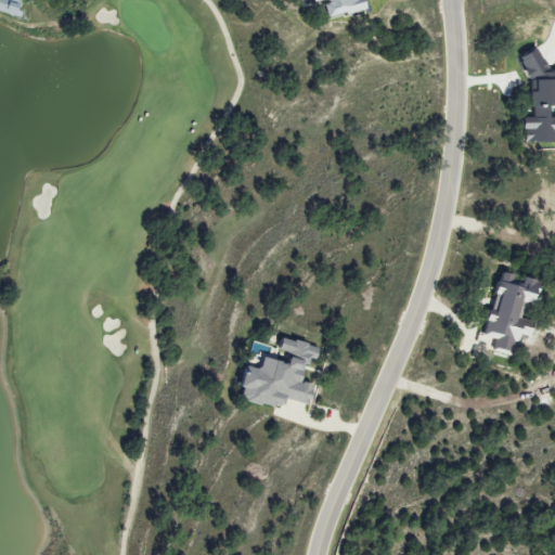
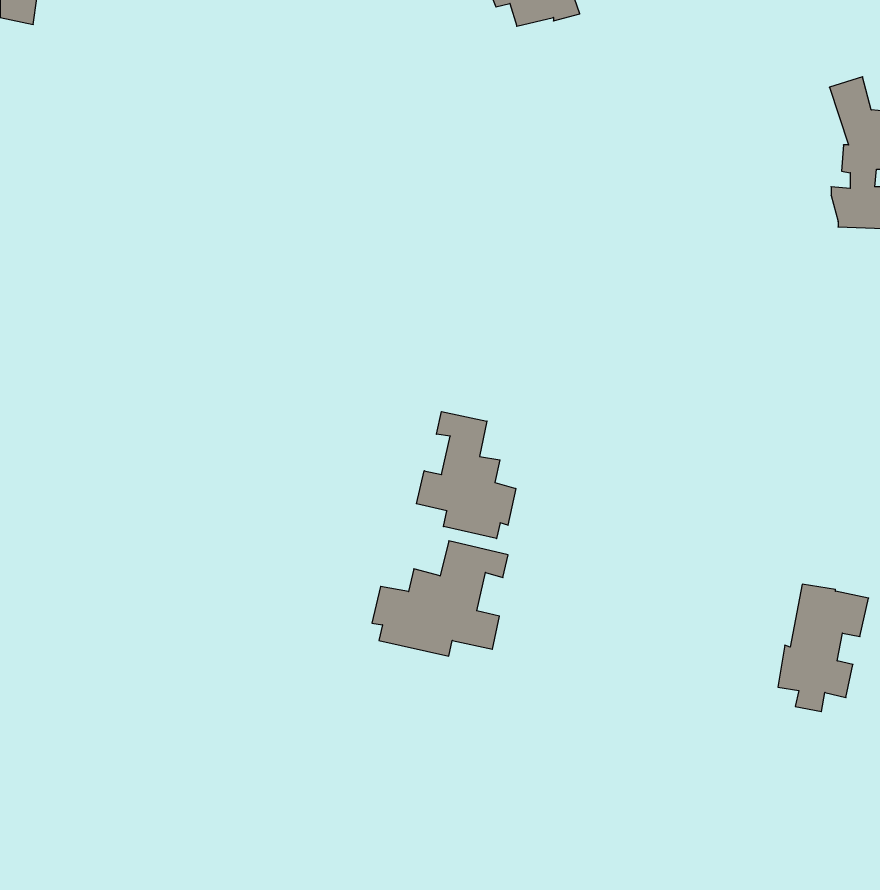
building: none -> [416,412,516,539]
building: [487,271,543,350] -> [778,584,869,712]

